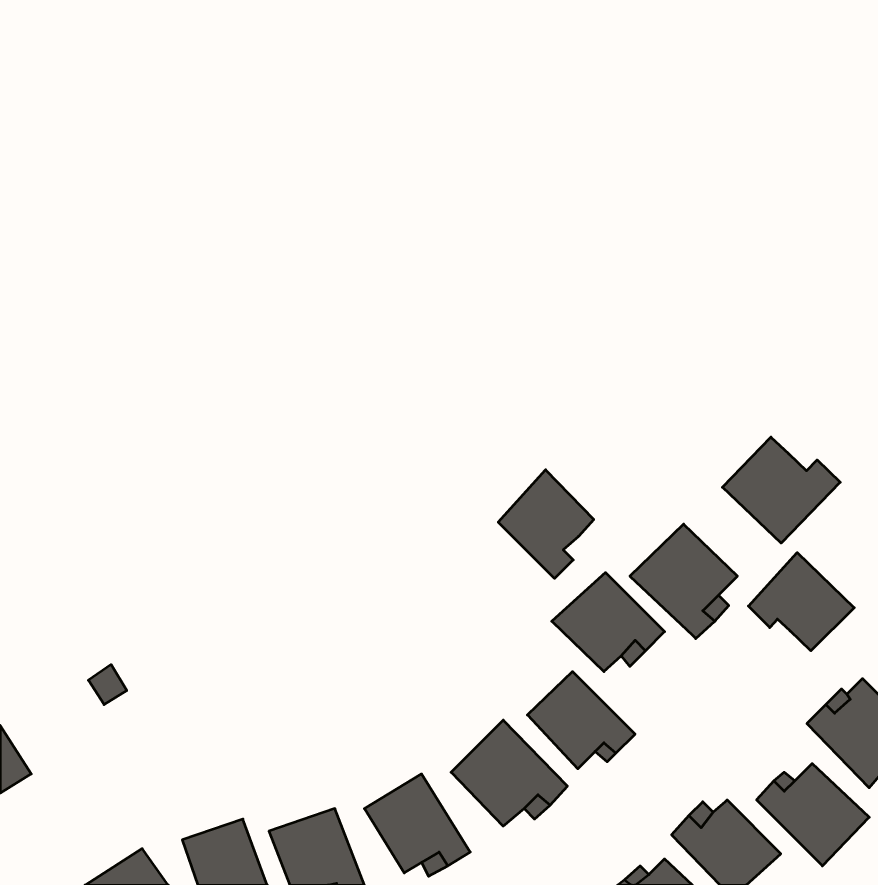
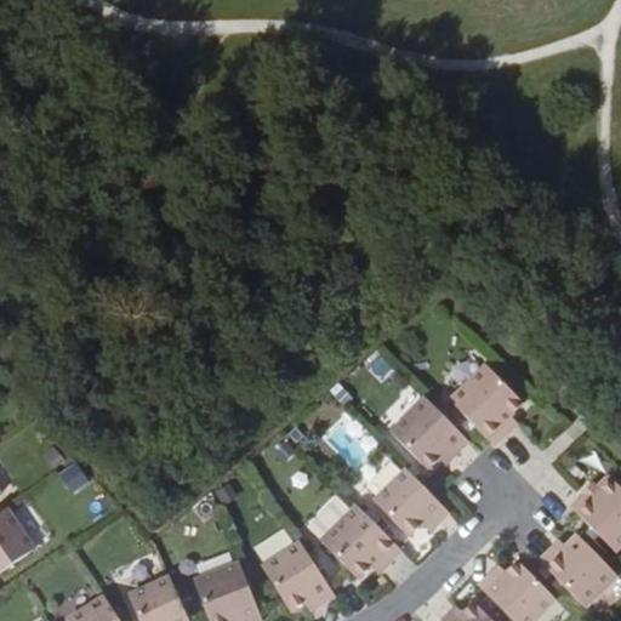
building: [722,437,840,543] -> none
building: [498,470,594,578] -> none
building: [748,553,854,651] -> none

